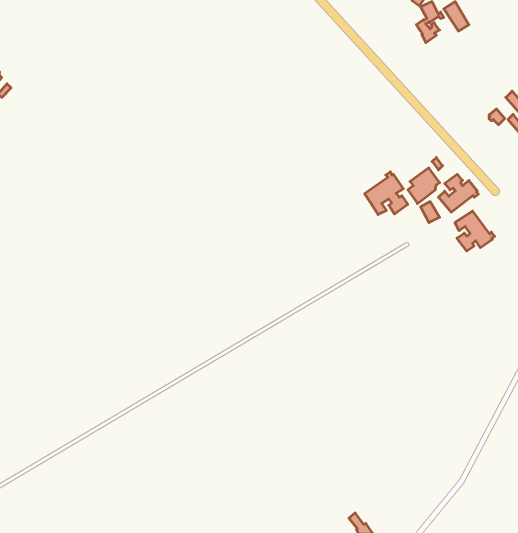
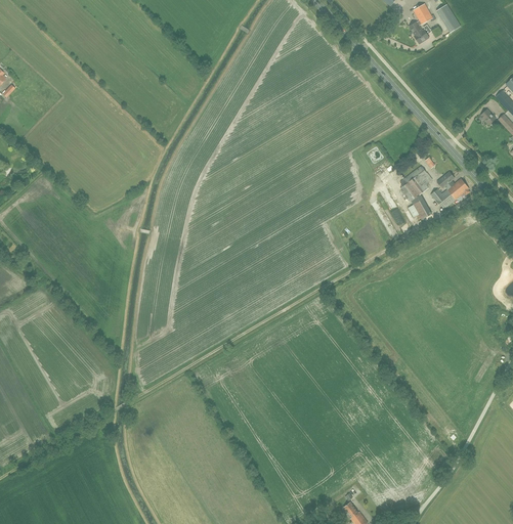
building: [365,172,408,215] -> none
building: [455,211,495,251] -> none

